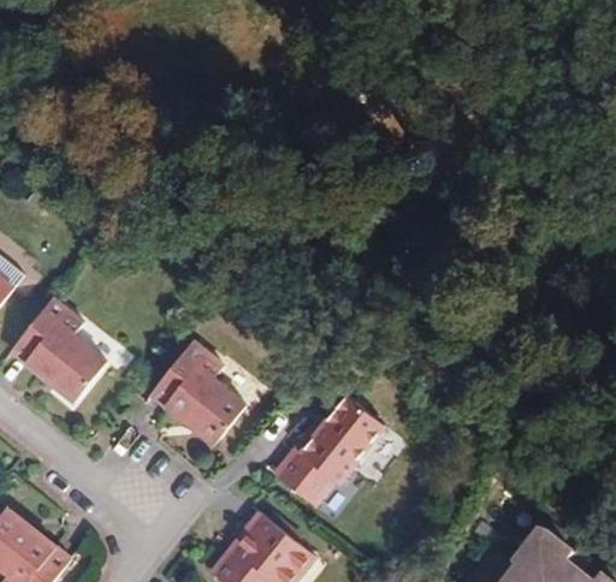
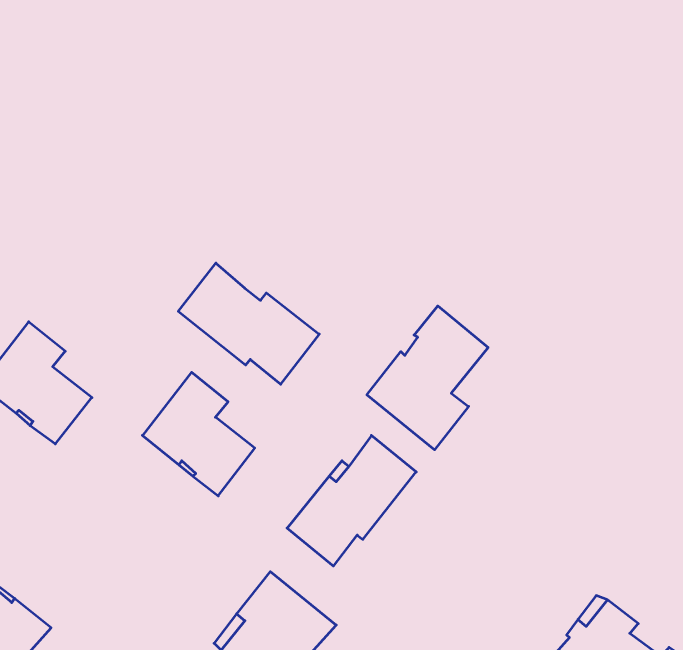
building: none -> [178,263,319,384]
building: none -> [367,306,488,450]

